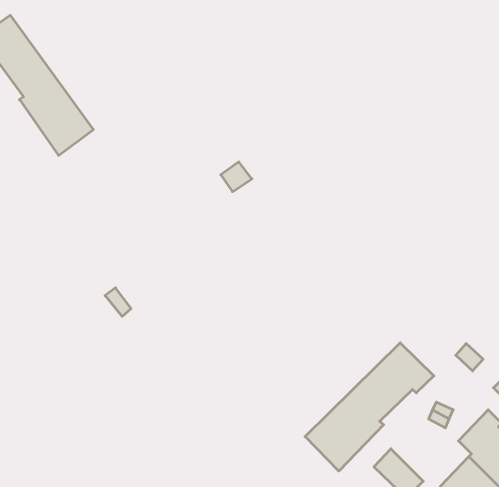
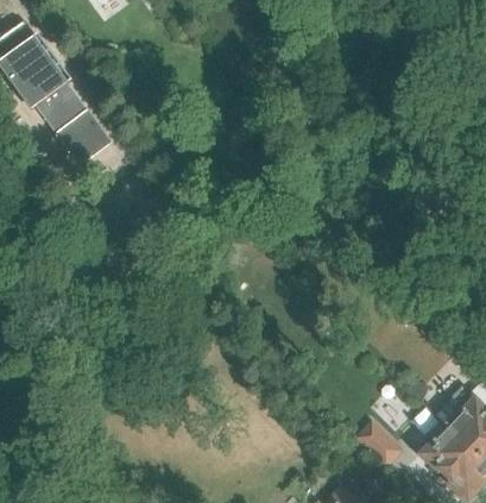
building: [305,343,434,471] -> none

